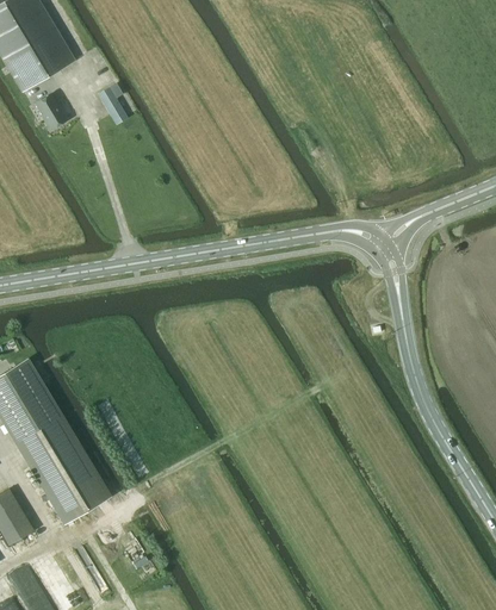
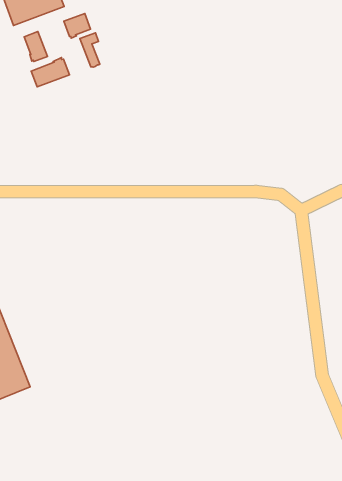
building: none -> [64,13,91,38]
building: none -> [31,58,69,87]

